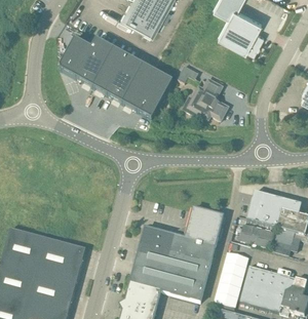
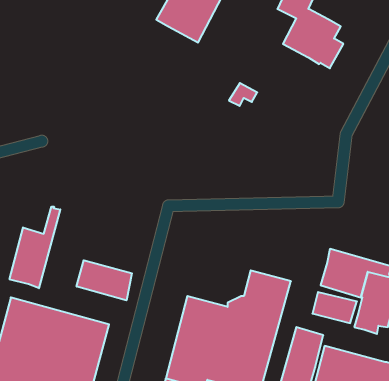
building: [60,37,171,118] -> none
building: [183,78,228,119] -> none
building: none -> [10,207,60,288]
building: none -> [77,260,132,300]

